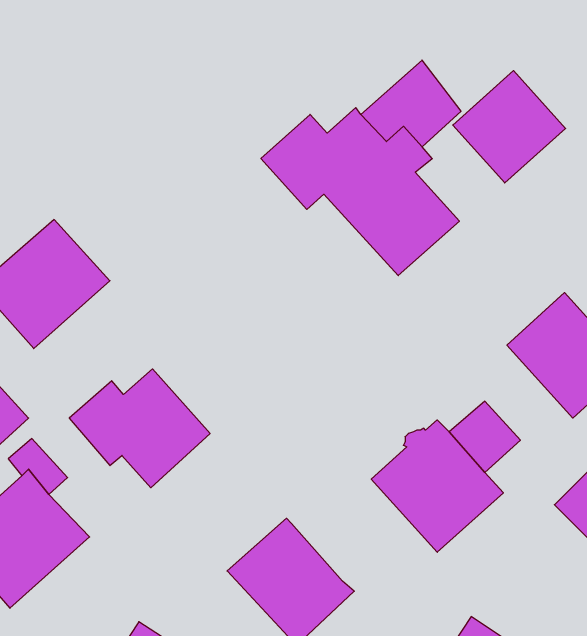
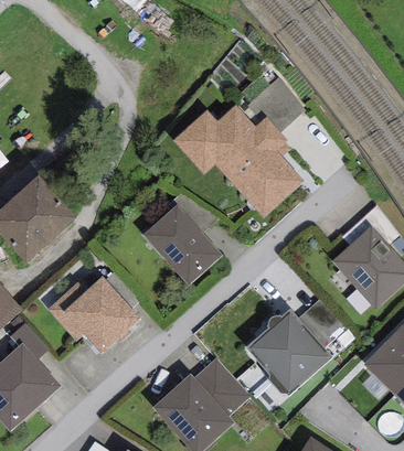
building: [453,71,566,183] -> none
building: none -> [143,203,222,283]
building: none -> [193,355,251,414]

